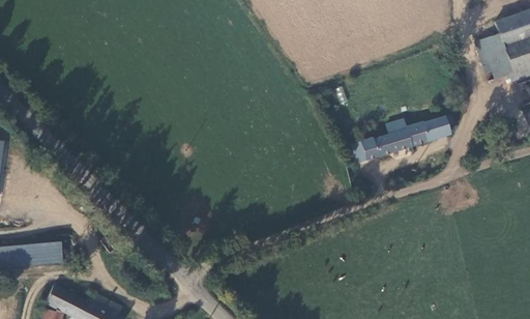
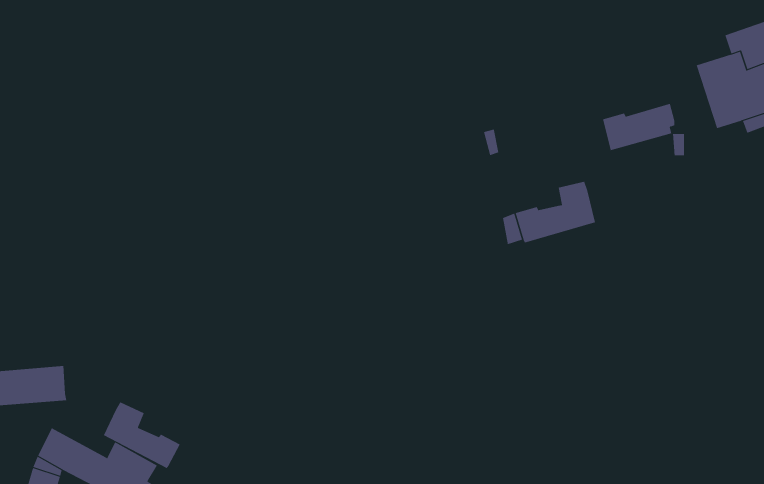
building: [405,116,452,147] -> [602,103,675,151]
building: none -> [103,402,180,469]

